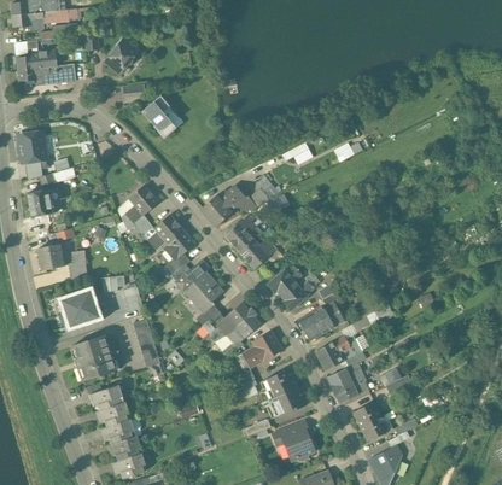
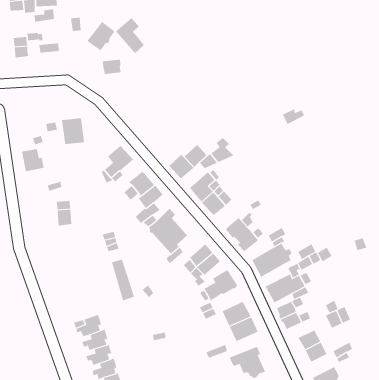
building: [141,95,176,139] -> [115,17,145,54]
building: [18,132,46,163] -> [61,118,85,144]
building: [37,242,64,269] -> none
building: [54,286,103,332] -> none
building: [71,334,115,380] -> none

